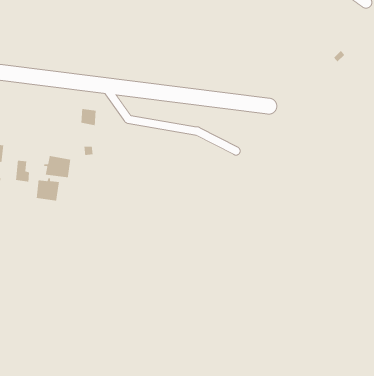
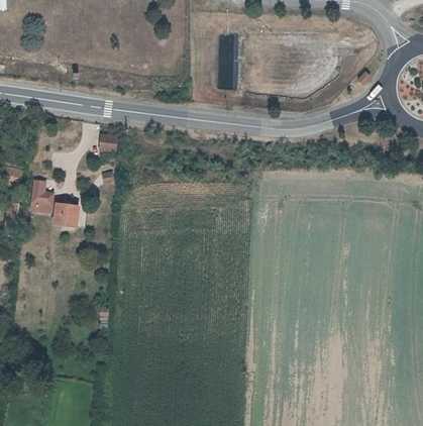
building: [43,155,71,178] -> none

